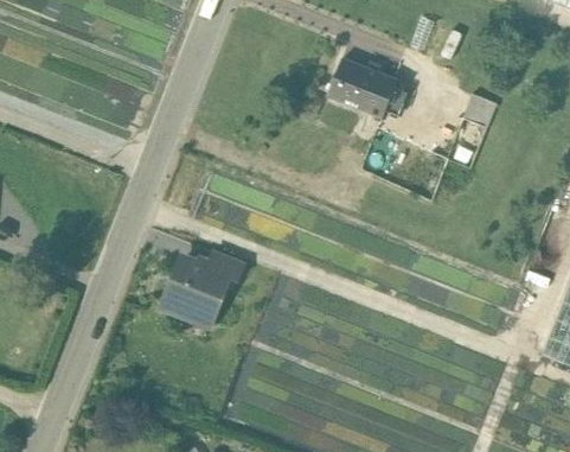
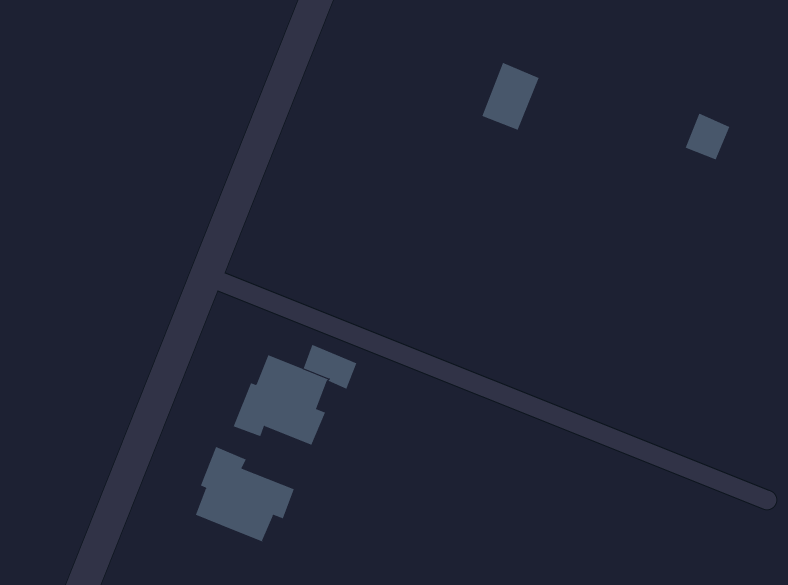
building: [354,70,399,119] -> none
building: none -> [195,446,295,542]

